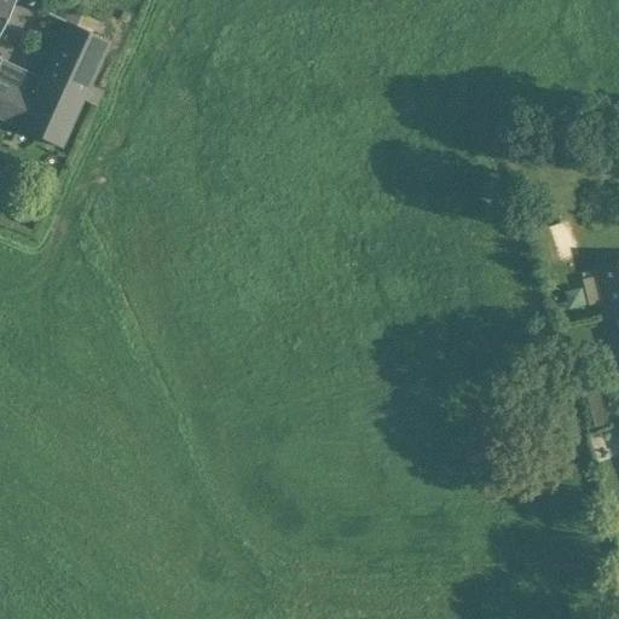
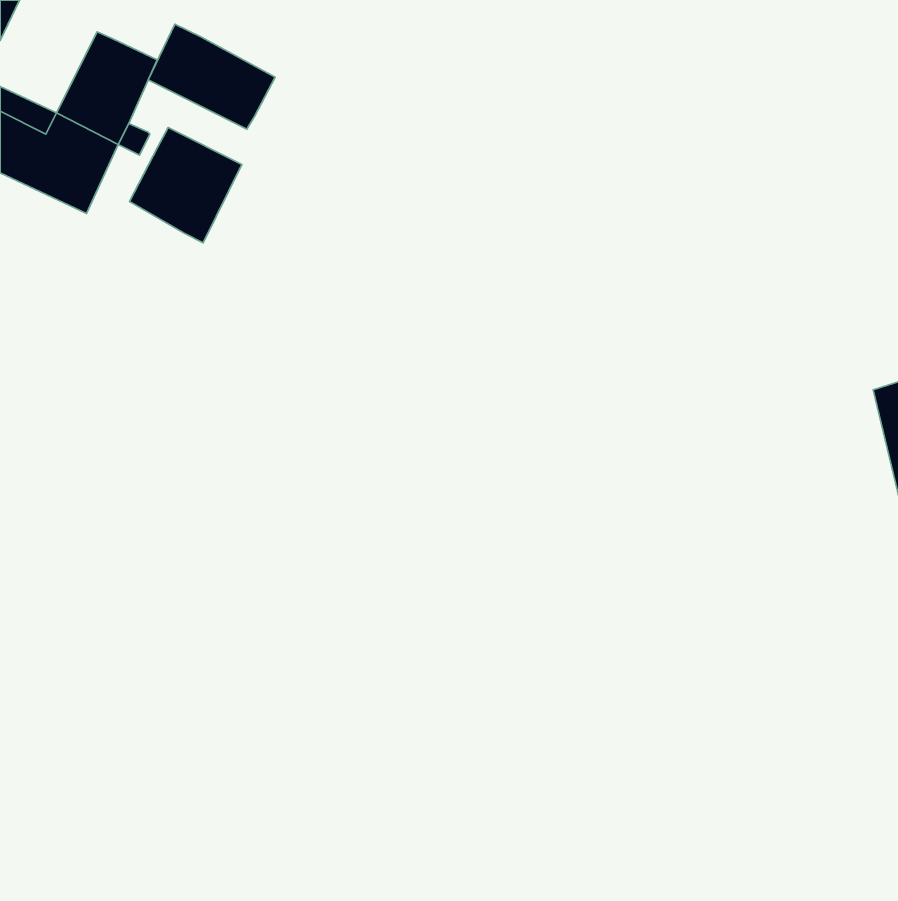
building: none -> [148,24,275,129]
building: none -> [130,128,242,243]

